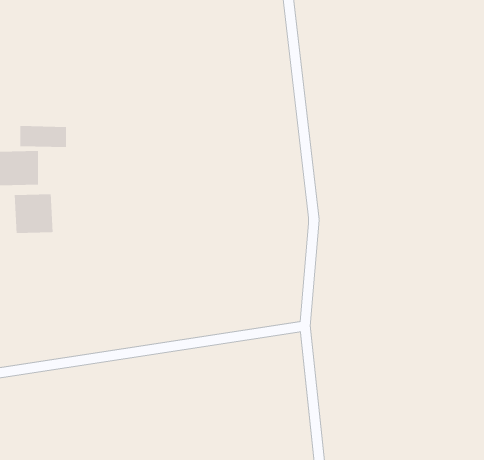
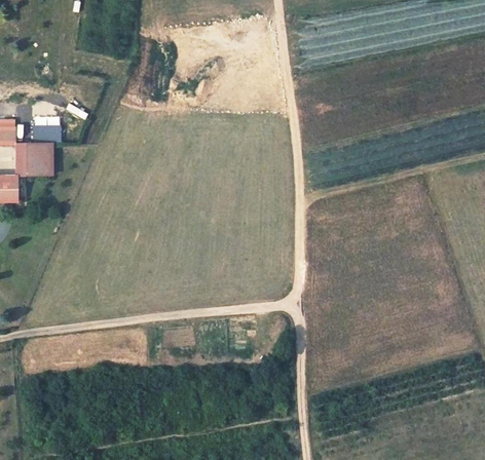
building: [14,193,53,234] -> none

